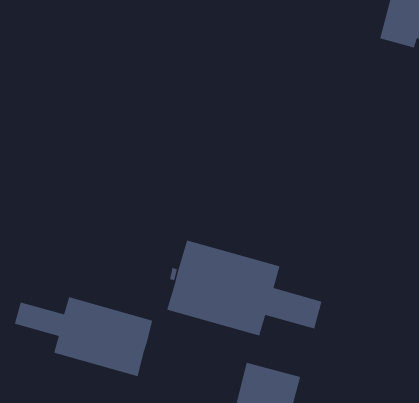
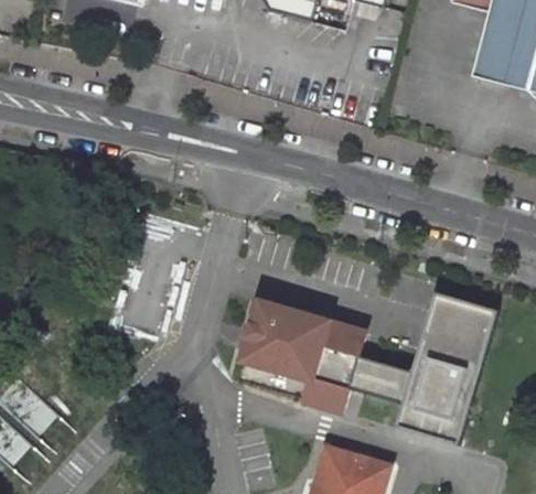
building: none -> [397,290,496,440]
building: [14,296,153,377] -> none

